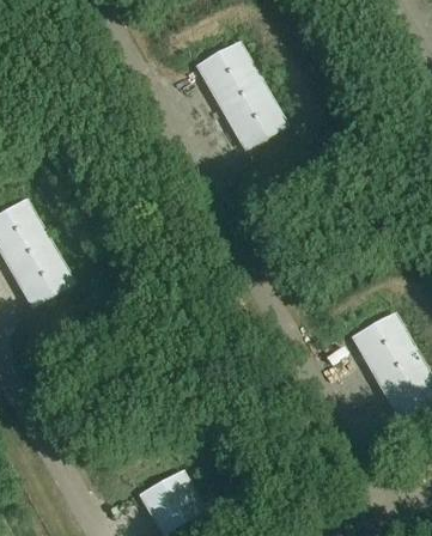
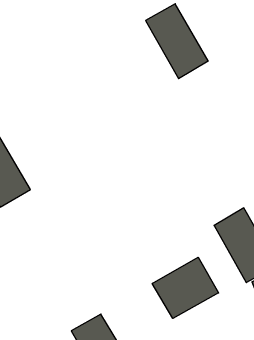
building: [195,39,288,151] -> [146,4,208,79]
building: none -> [152,257,219,318]

